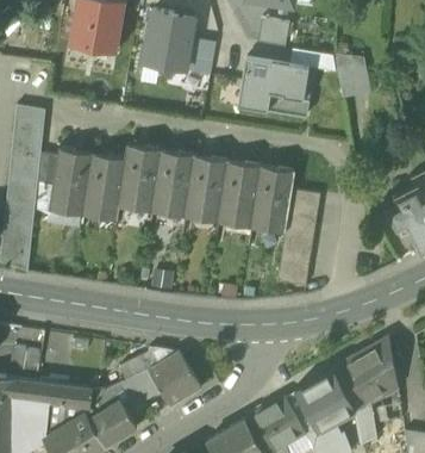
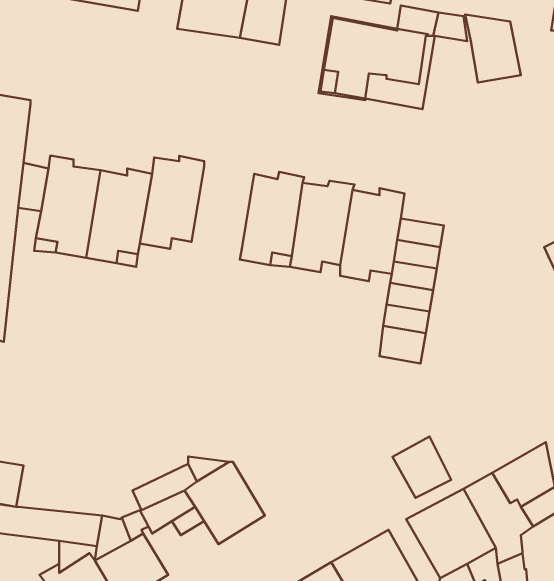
building: [150,154,193,215] -> none
building: none -> [392,437,451,498]

